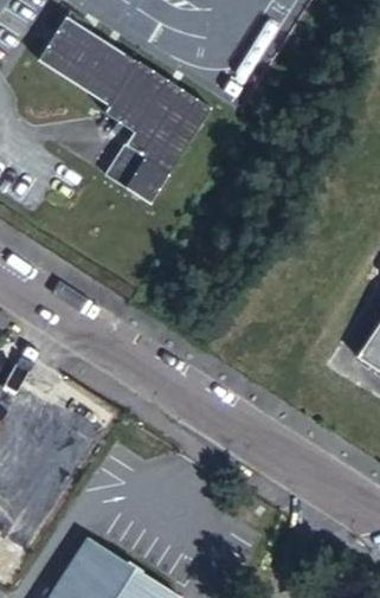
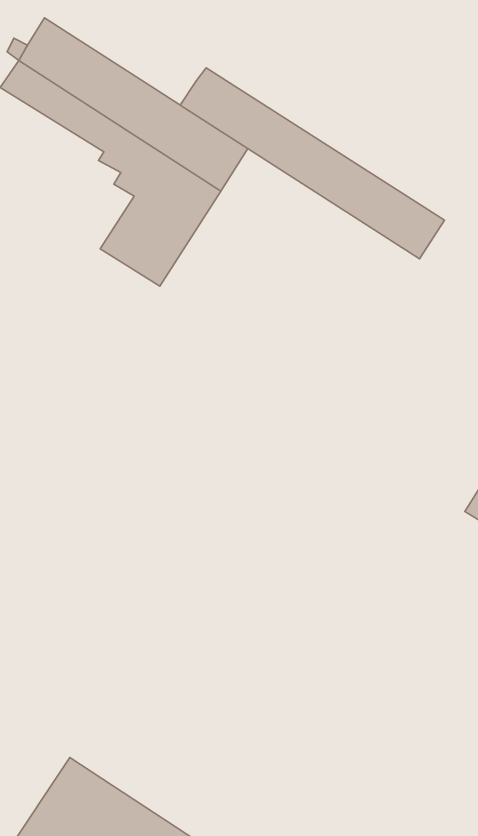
building: none -> [180,68,445,259]

